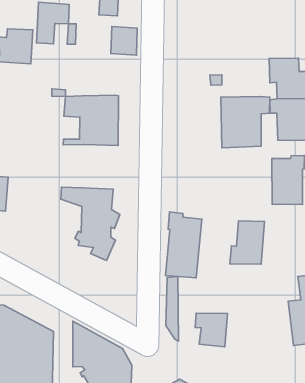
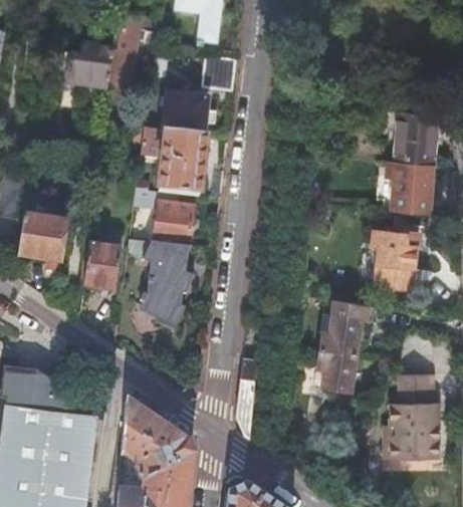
building: none -> [164,89,207,137]
building: [221,97,270,148] -> none
building: none -> [134,190,195,248]
building: none -> [83,244,121,290]
building: [166,212,202,278] -> none
building: [195,313,228,347] -> [317,350,358,394]

